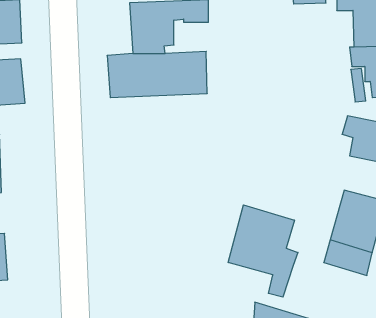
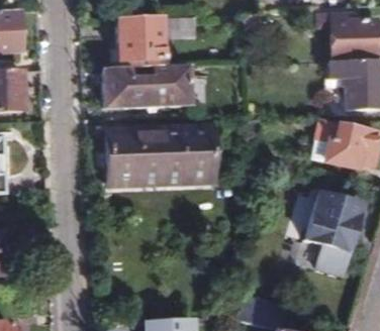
building: none -> [108,128,215,180]
building: [228,205,298,297] -> none

